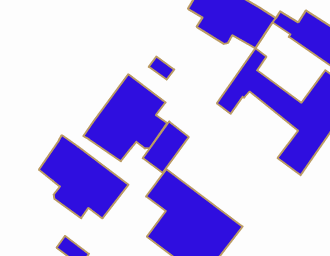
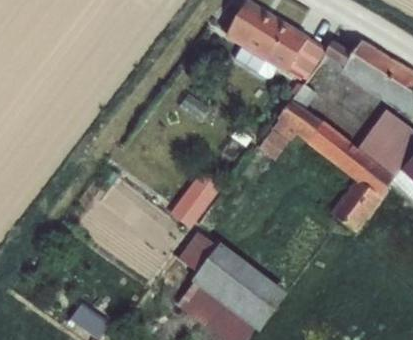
building: [83,74,167,161] -> none
building: [39,135,128,218] -> none

